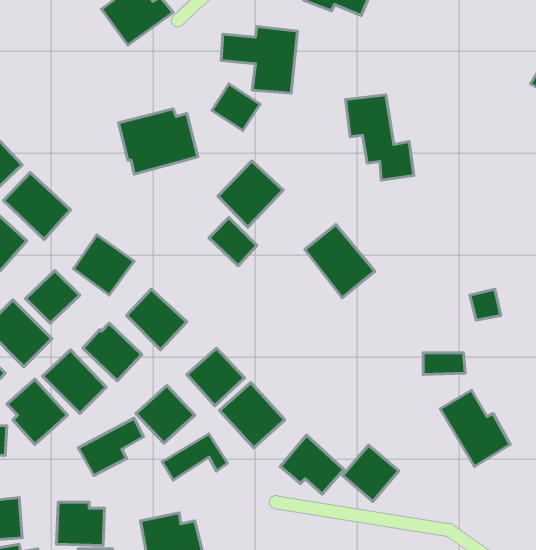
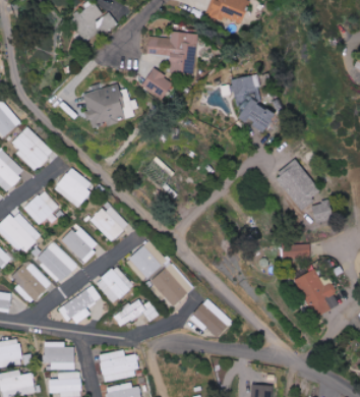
building: [218,161,283,227] -> none
building: [305,225,375,298] -> [278,162,323,210]
building: [343,445,399,501] -> none

